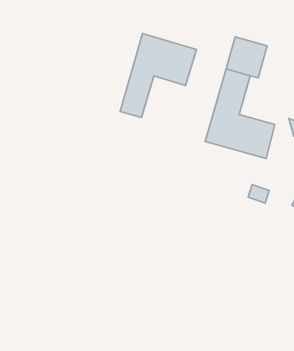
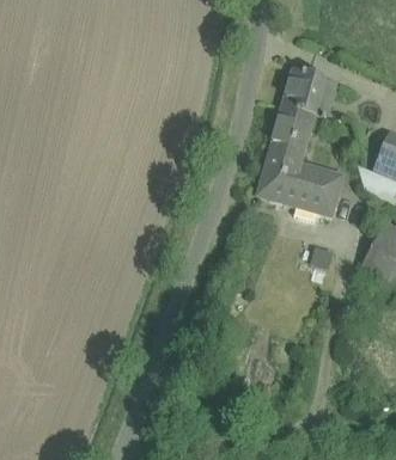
building: [120,34,196,117] -> none

